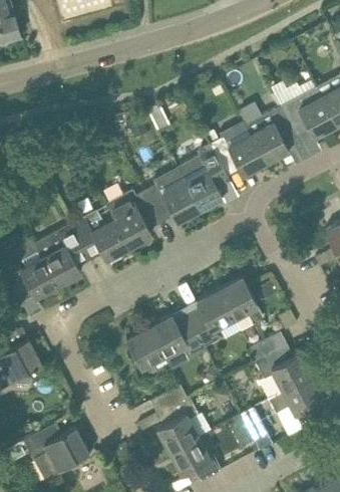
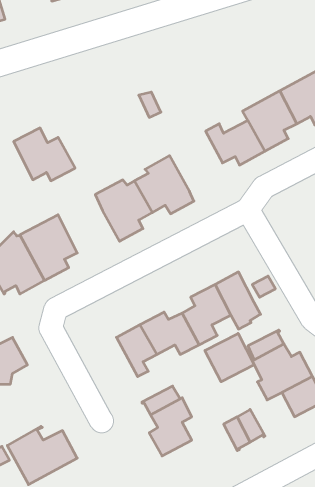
building: [178,145,232,211] -> none
building: [72,211,130,261] -> [14,128,75,181]
building: none -> [205,333,254,382]
building: [171,438,211,476] -> none

